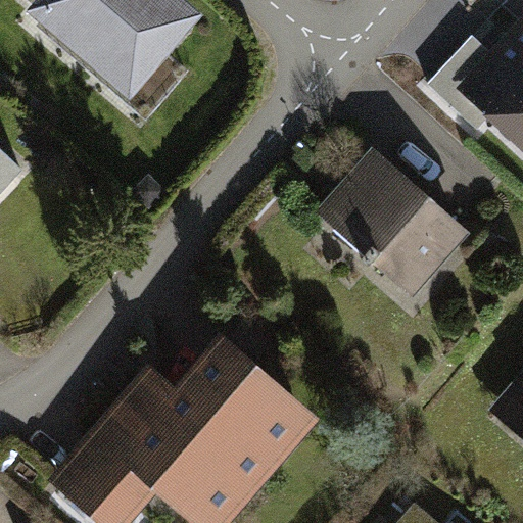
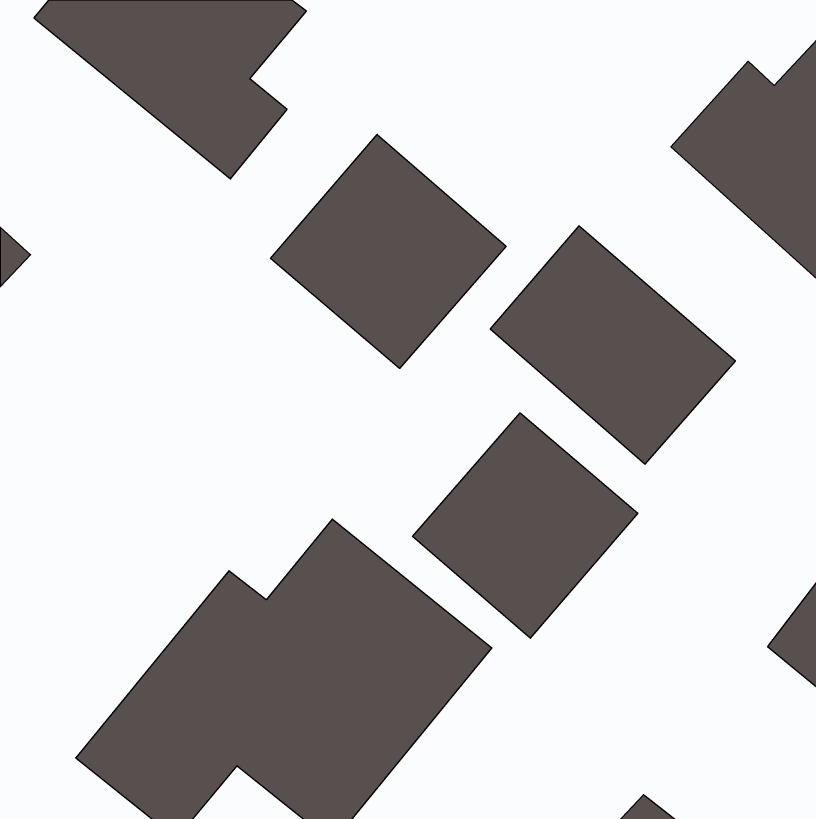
building: none -> [271,134,506,368]
building: none -> [413,413,638,638]

